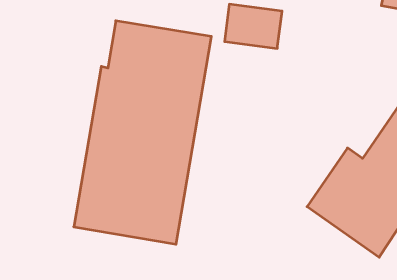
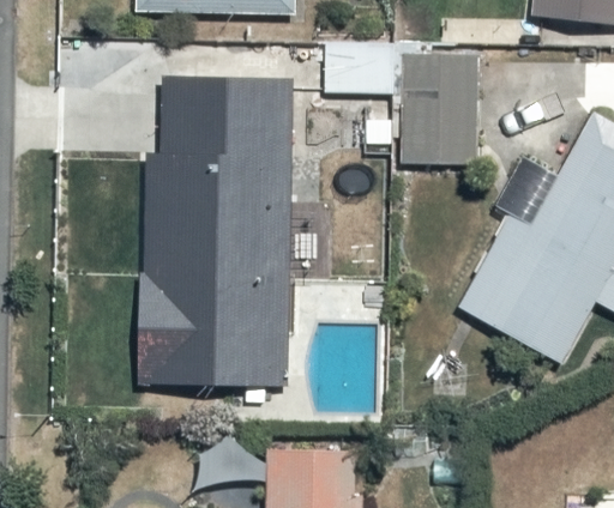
building: none -> [401,55,477,162]

